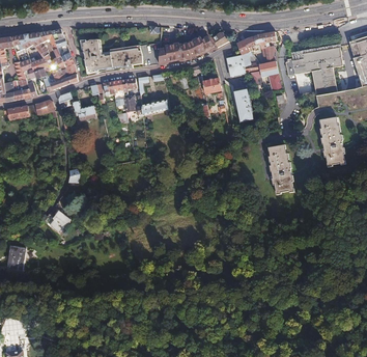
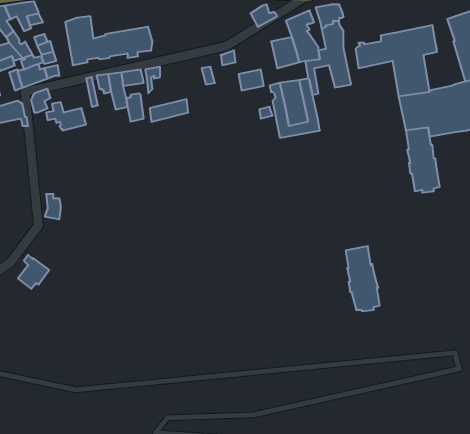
building: [159,36,213,64] -> none
building: [269,145,292,191] -> [346,246,380,311]

